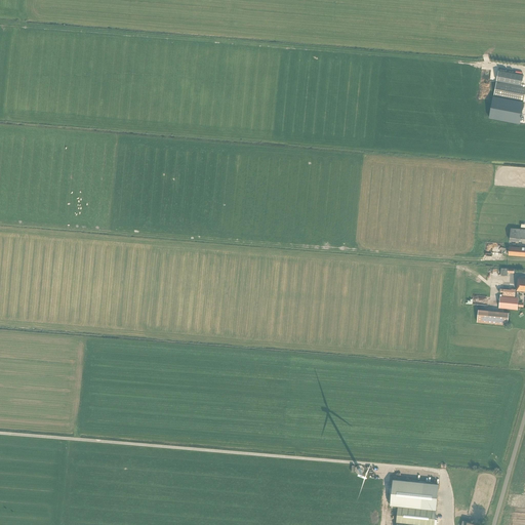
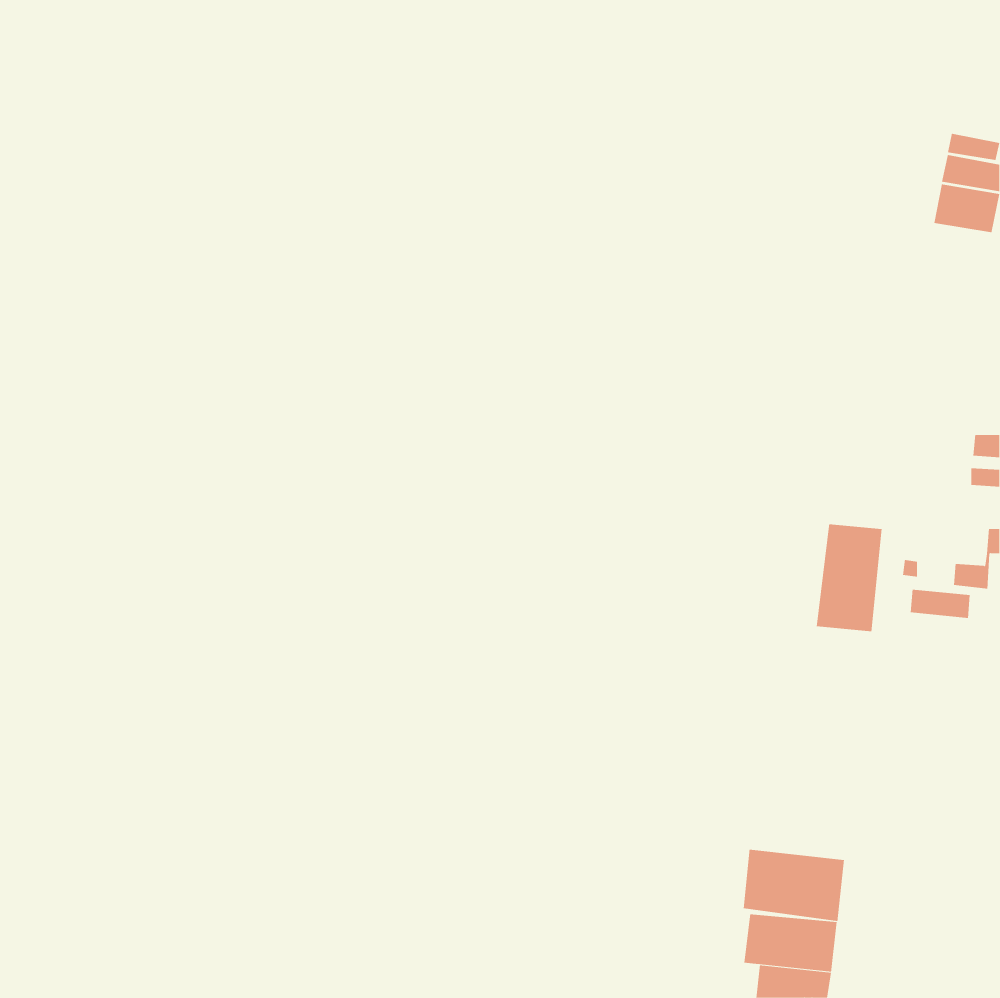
building: none -> [816,524,882,632]
building: none -> [743,849,844,922]

